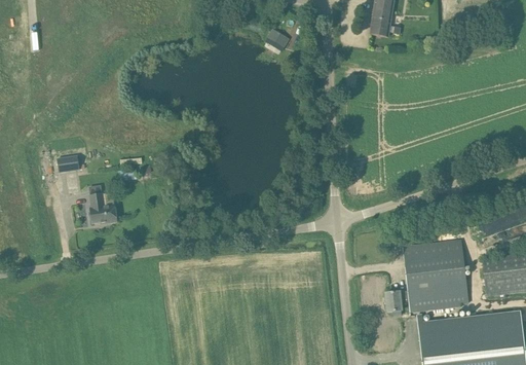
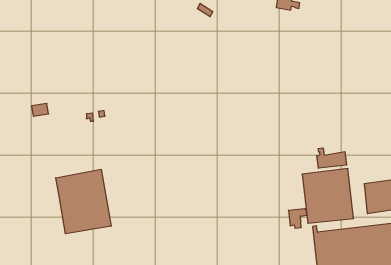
building: [89,193,117,223] -> none
building: none -> [317,148,346,168]
building: none -> [56,169,111,234]

